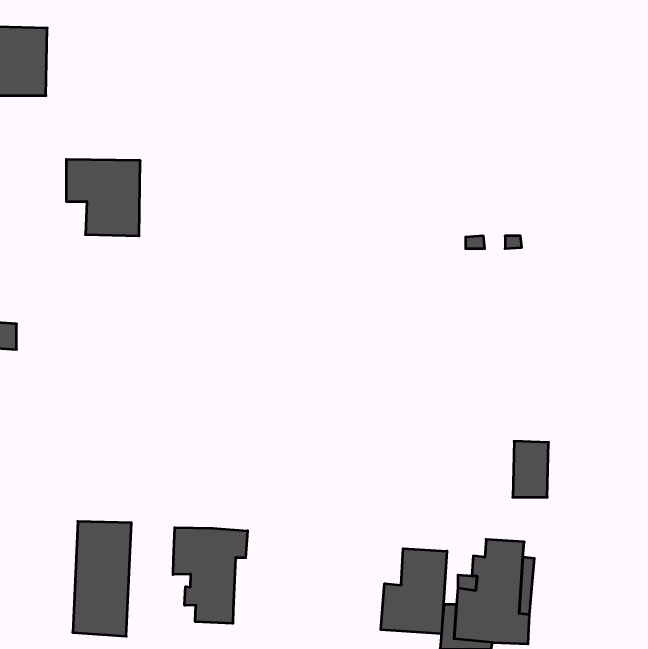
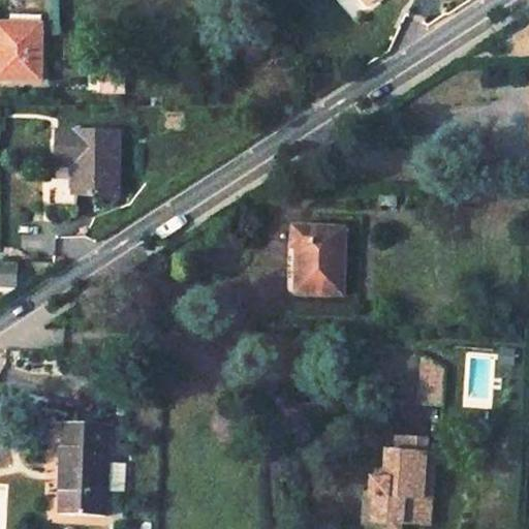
building: none -> [290,226,341,294]
building: [173,528,248,623] -> none
building: [381,549,447,634] -> none

